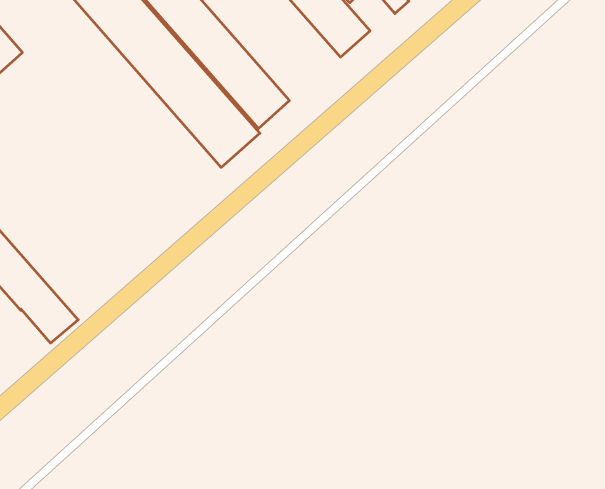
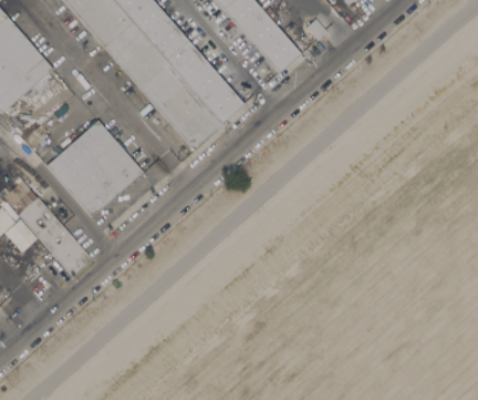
building: none -> [45,119,142,216]

